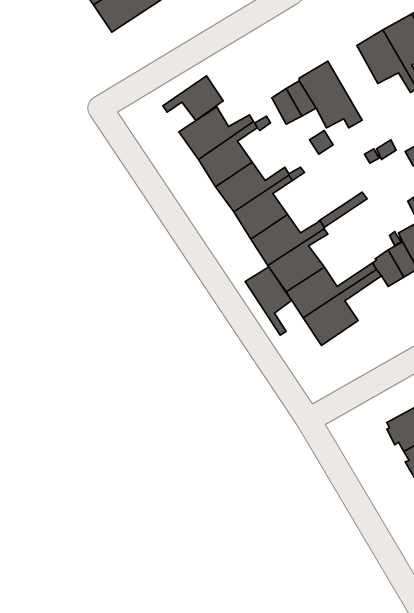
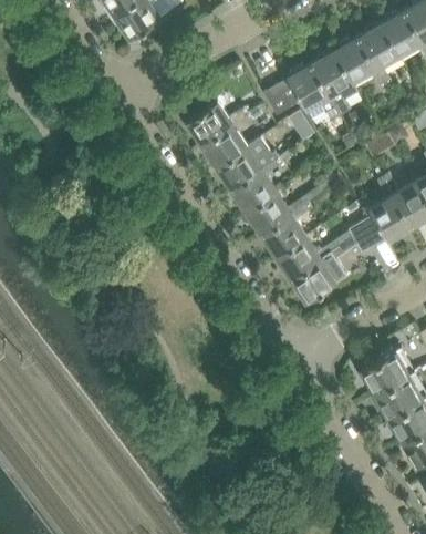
building: none -> [311,49,359,112]
building: [163,76,223,121] -> none
building: [245,267,292,335] -> none

